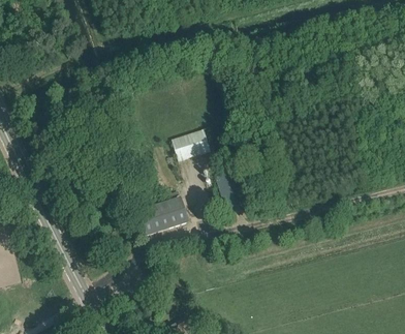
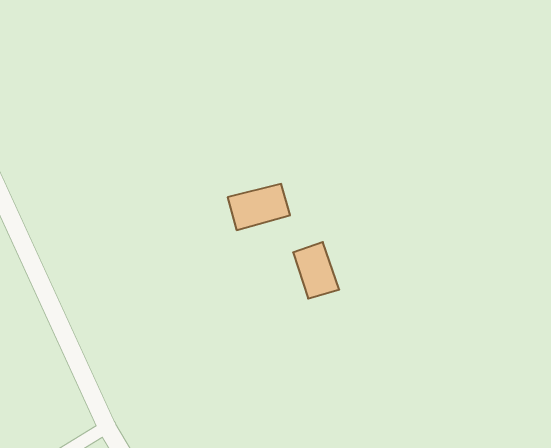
building: [136,198,185,235] -> none

